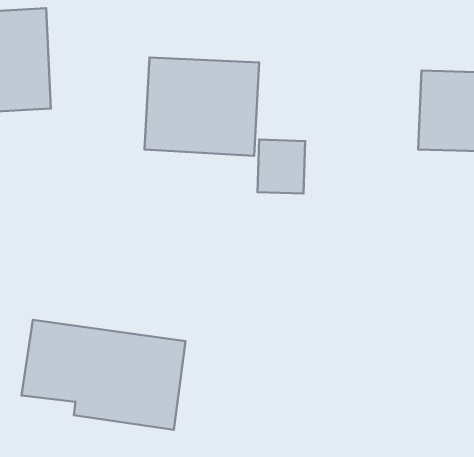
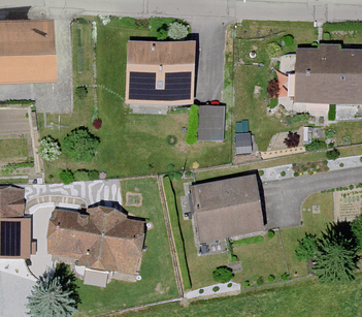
building: none -> [191,177,263,240]

